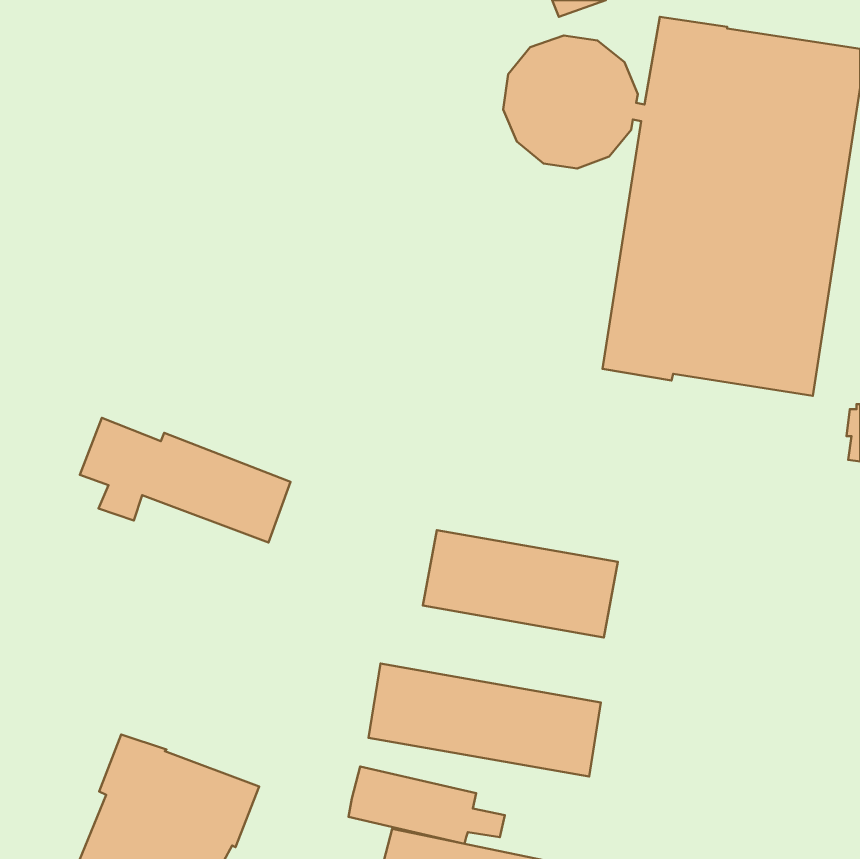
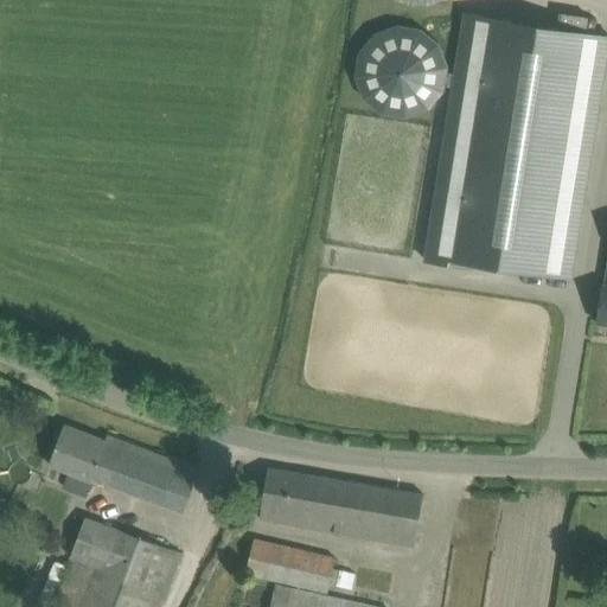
building: [80,418,290,542] -> [49,426,197,513]
building: [423,530,618,637] -> none

